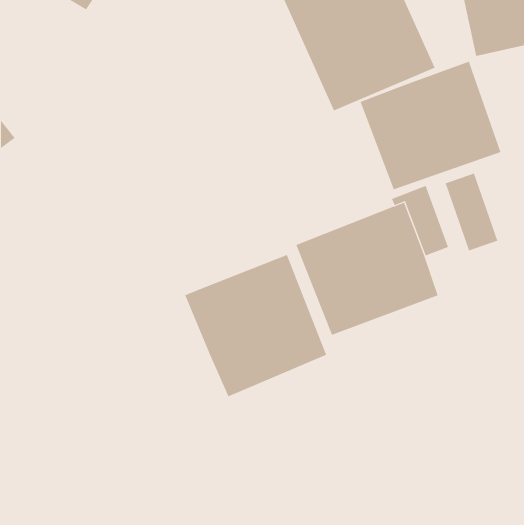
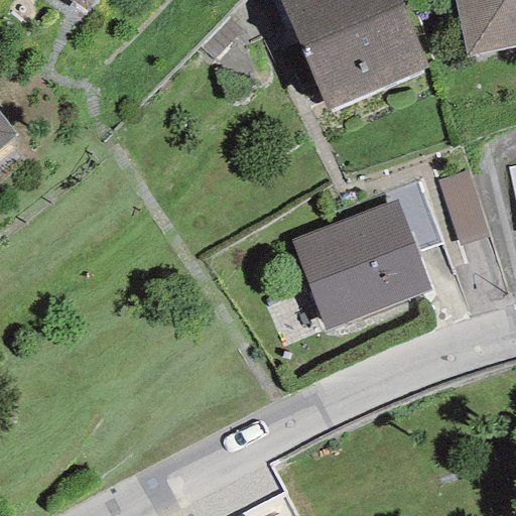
building: [360,61,501,190] -> none
building: [185,254,327,397] -> none

